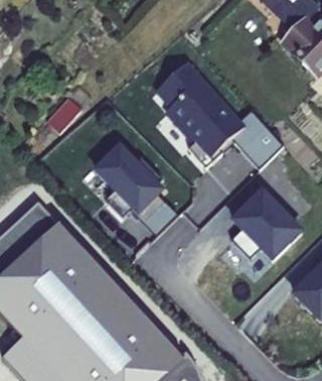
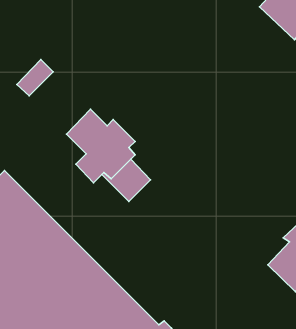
building: [157,59,283,168] -> none
building: [231,190,300,257] -> none

